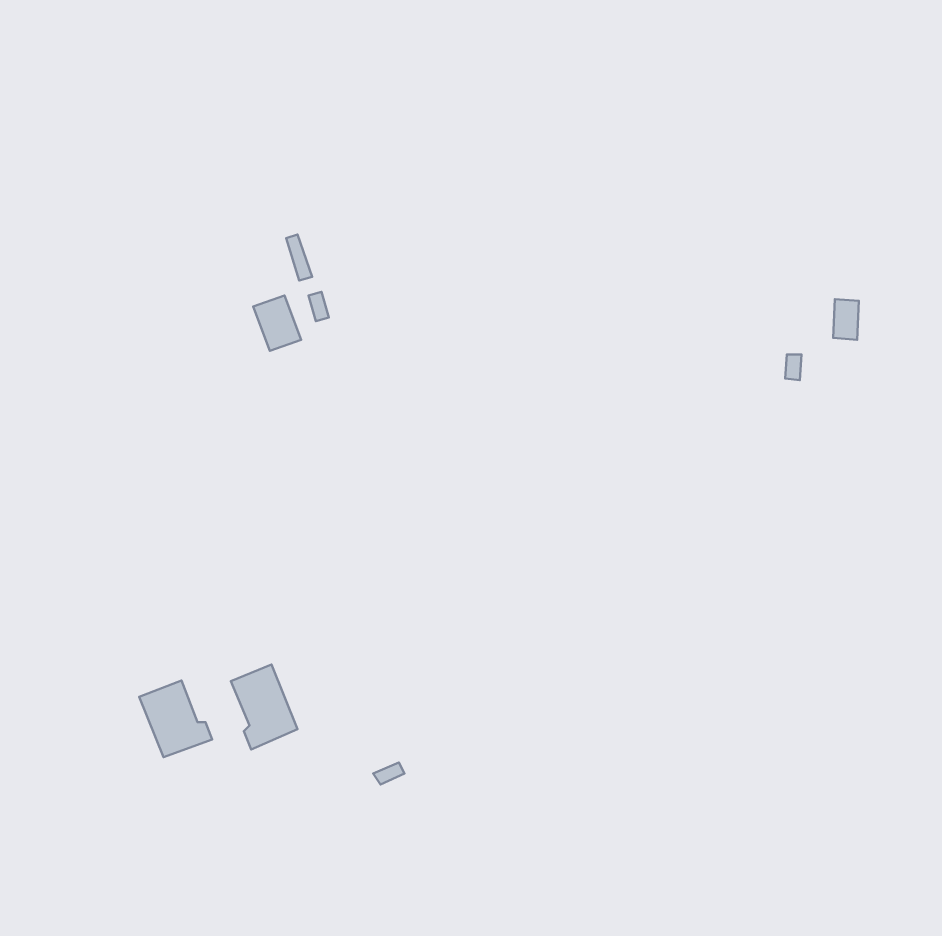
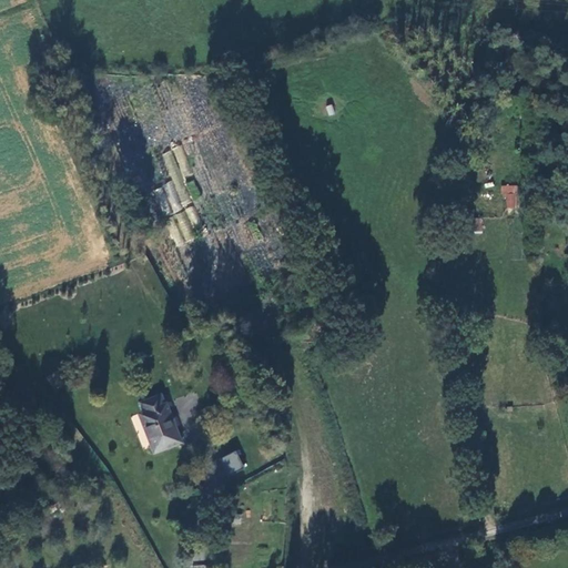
building: [139,680,212,757] -> none

